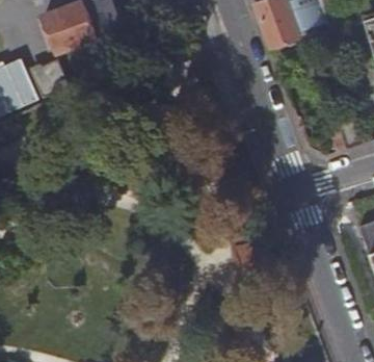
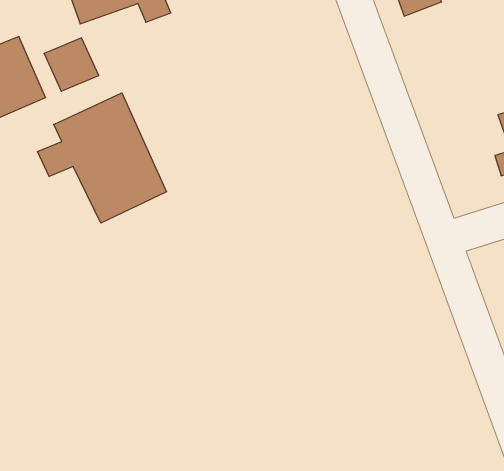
building: none -> [38,93,167,223]

